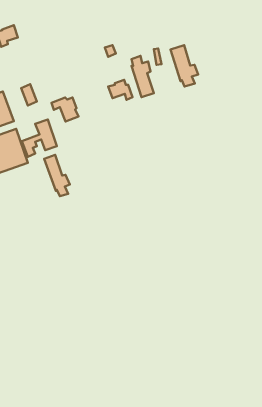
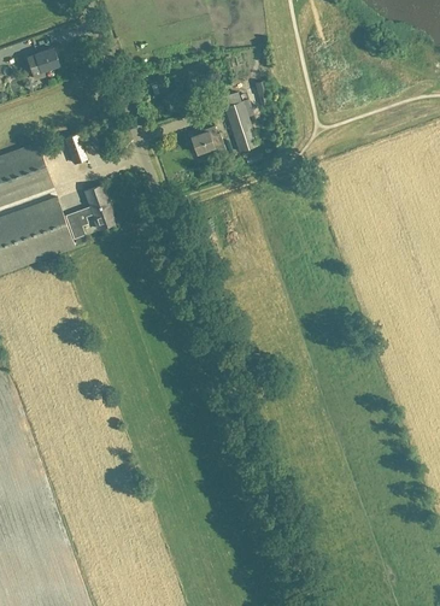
building: [170,45,198,86] -> none
building: [52,97,78,121] -> none
building: [44,155,70,196] -> none

